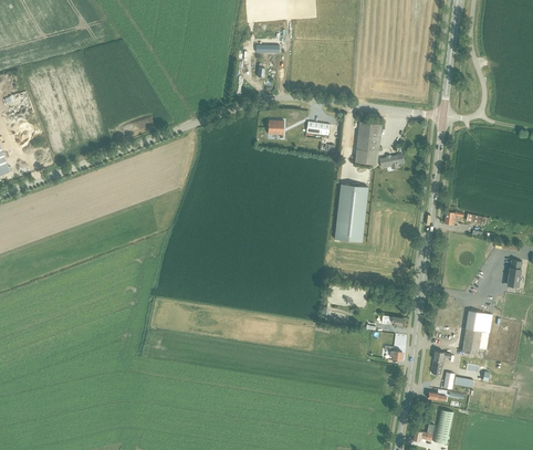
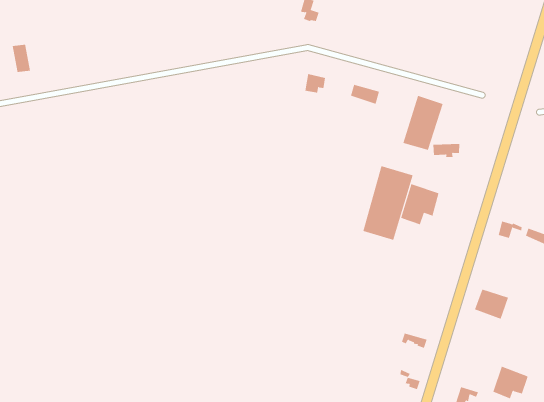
building: none -> [401,183,439,225]
building: [464,311,491,333] -> [474,289,509,320]

